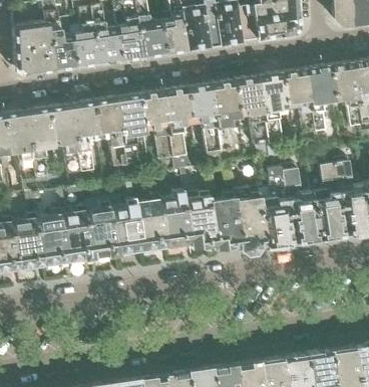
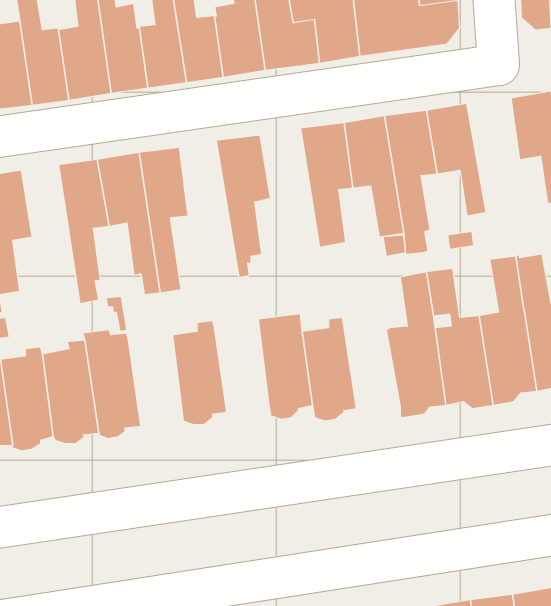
building: [305,66,335,132] -> none
building: [187,83,221,153] -> none
building: [140,90,174,170] -> none
building: [50,105,83,185] -> none
building: [234,158,267,252] -> none
building: [160,190,192,250] -> none
building: [111,197,142,257] -> none

